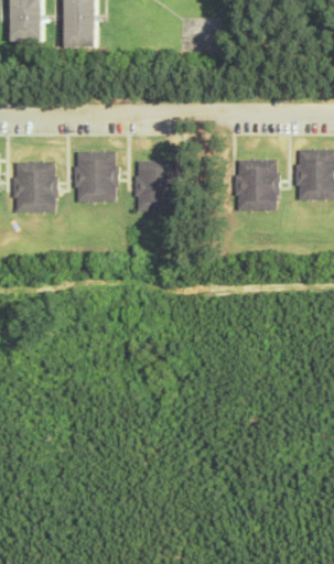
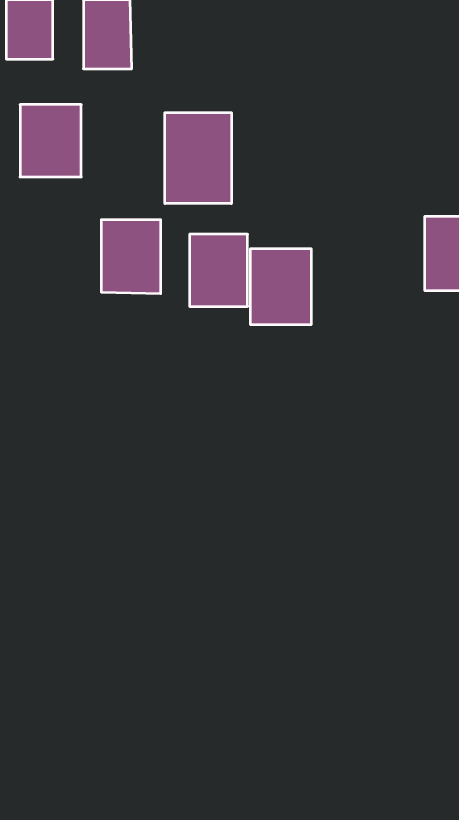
building: none -> [165,113,231,204]
building: [236,159,278,210] -> [250,249,311,324]
building: [14,162,56,212] -> [20,105,81,177]

